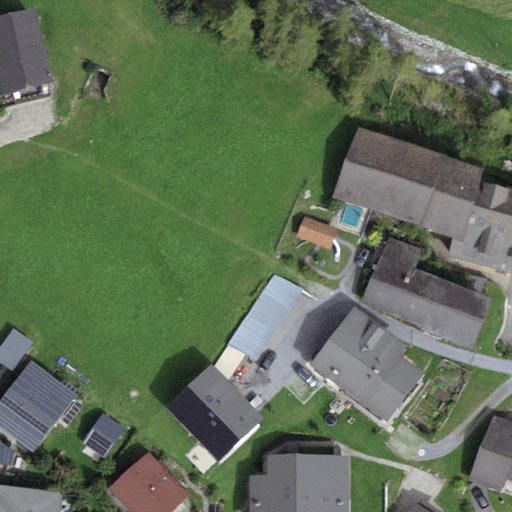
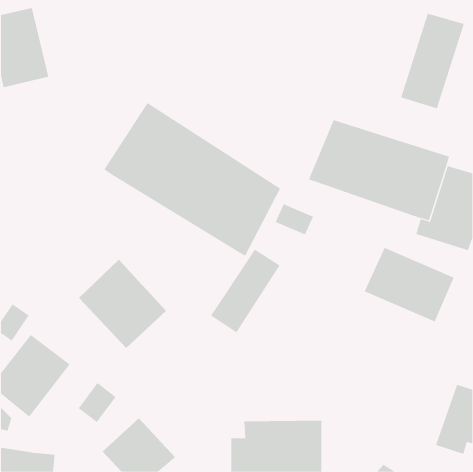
building: none -> [400,13,465,109]
building: none -> [104,102,281,257]
building: [361,236,422,315] -> none
building: [310,306,424,422] -> none
building: [167,363,263,460] -> [78,259,167,349]

